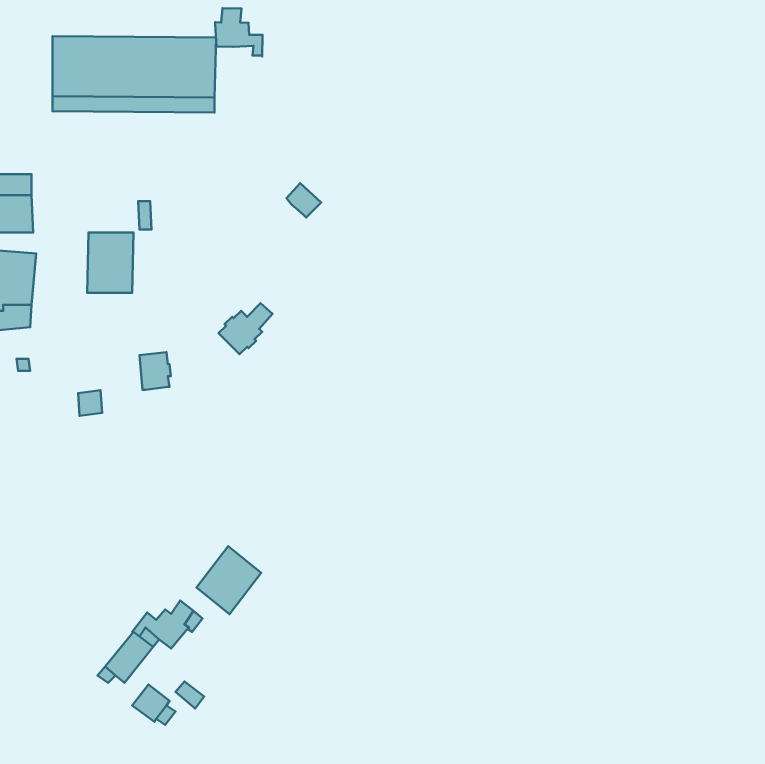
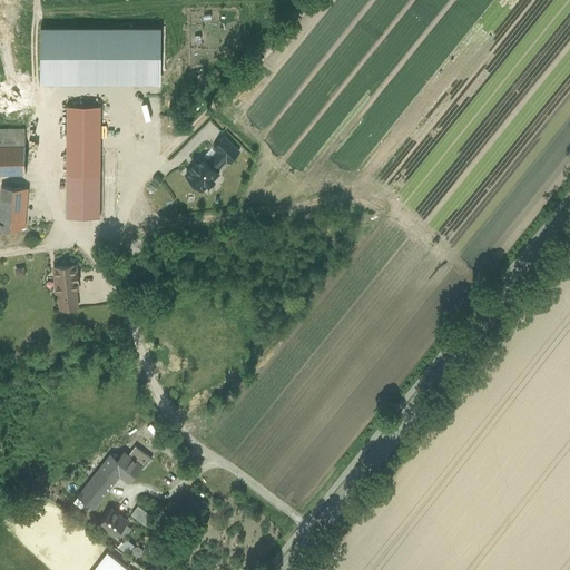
building: [215,8,262,56] -> none
building: none -> [66,107,99,175]
building: [219,303,273,354] -> [185,154,225,191]
building: [139,352,171,390] -> [53,266,77,294]
building: [196,546,261,614] -> none

